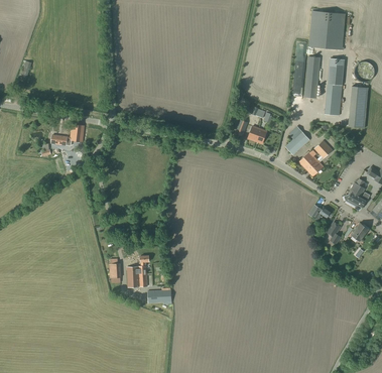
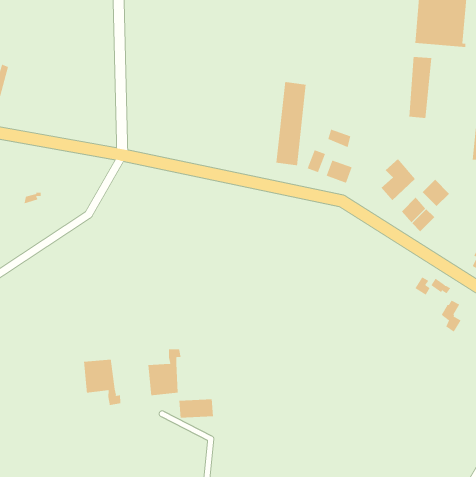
building: [324,57,345,115] -> [276,82,307,166]
building: [51,123,85,145] -> none
building: none -> [84,359,121,406]

